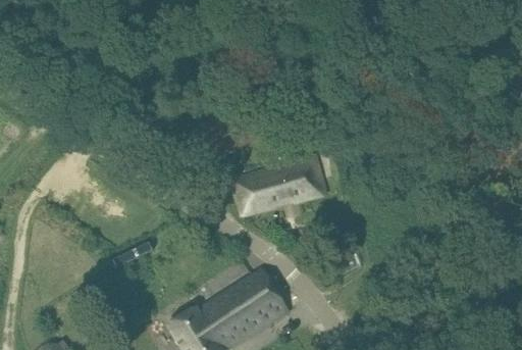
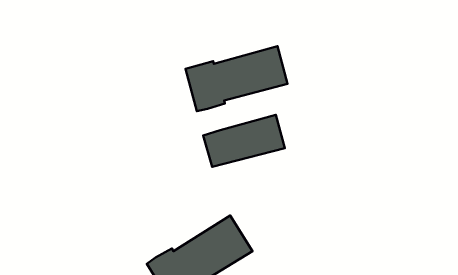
building: none -> [186,46,288,111]

